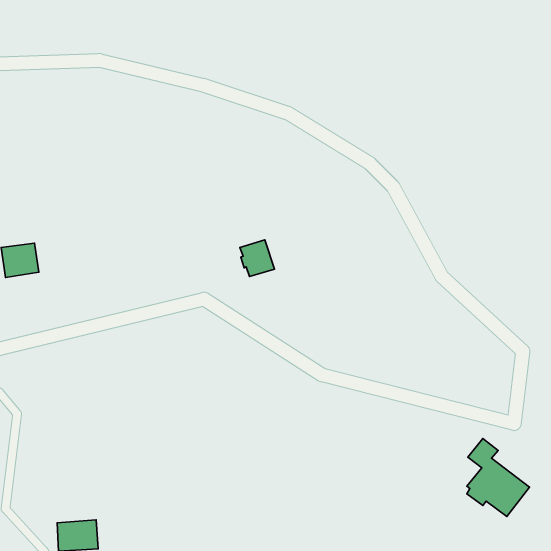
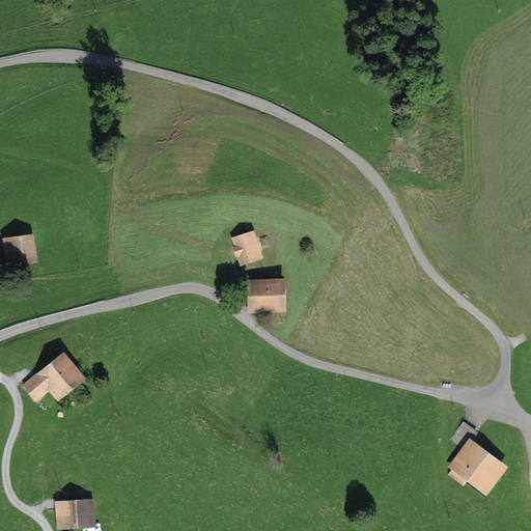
building: none -> [246,278,286,314]
building: none -> [22,352,85,401]

